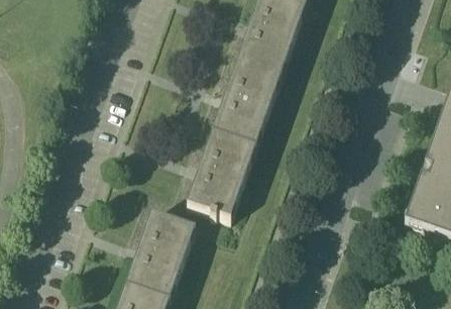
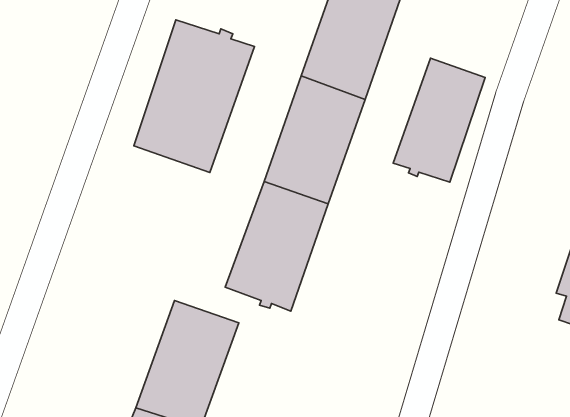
building: none -> [134,20,254,172]
building: none -> [393,58,485,182]

